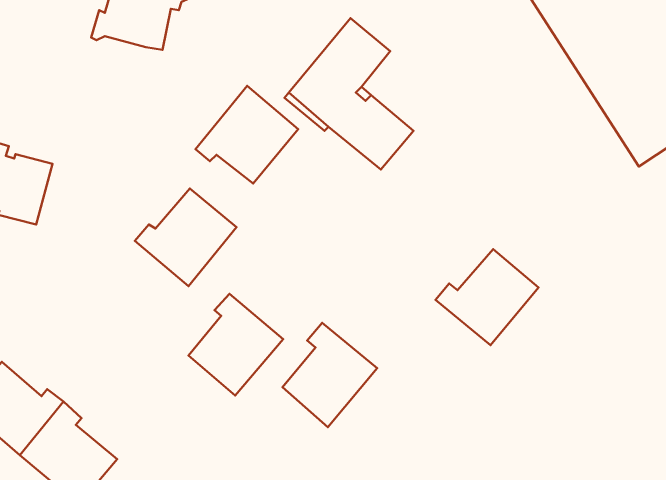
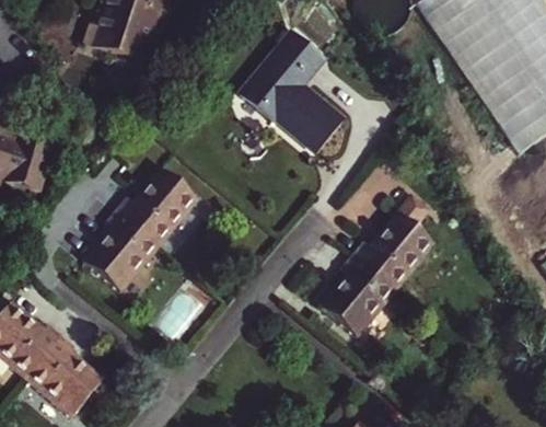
building: [195,86,298,183] -> none
building: [188,294,283,395] -> [83,209,159,290]
building: [282,323,377,427] -> [324,256,399,339]

